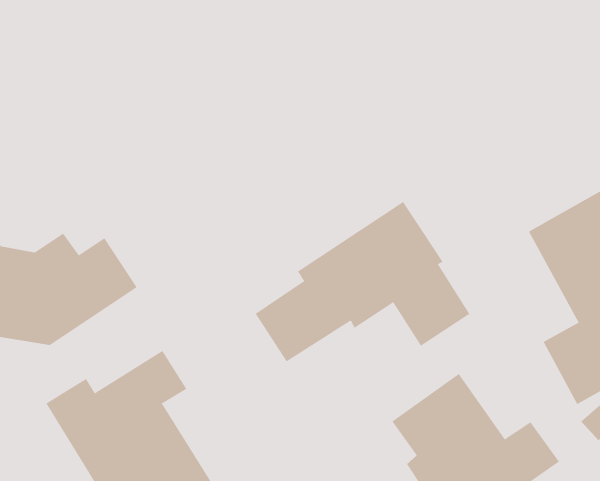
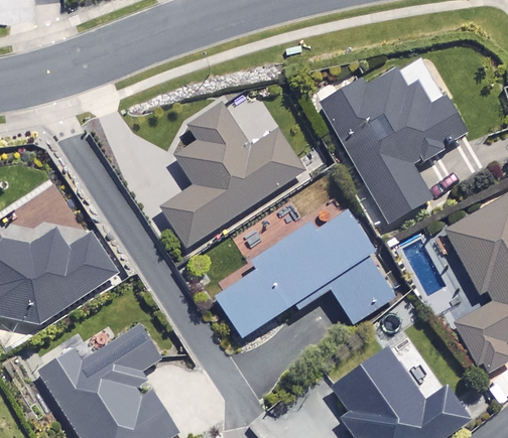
building: none -> [319,53,467,223]
building: none -> [162,104,303,246]

